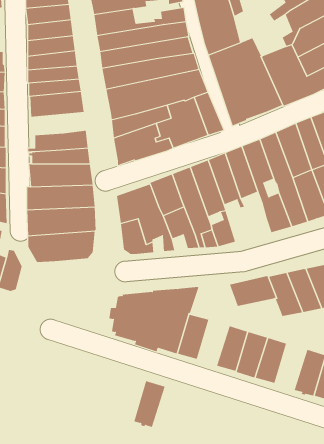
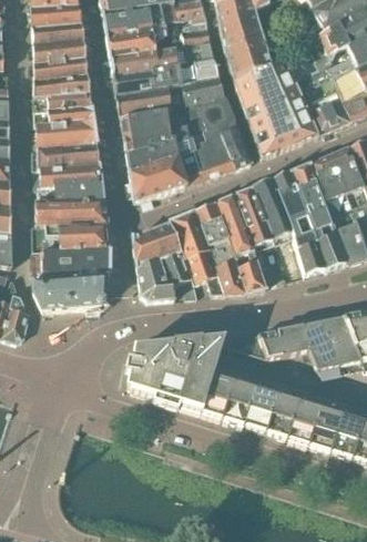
building: none -> [37,141,100,167]
building: none -> [308,398,344,450]
building: [134,381,166,427] -> [222,371,257,423]

